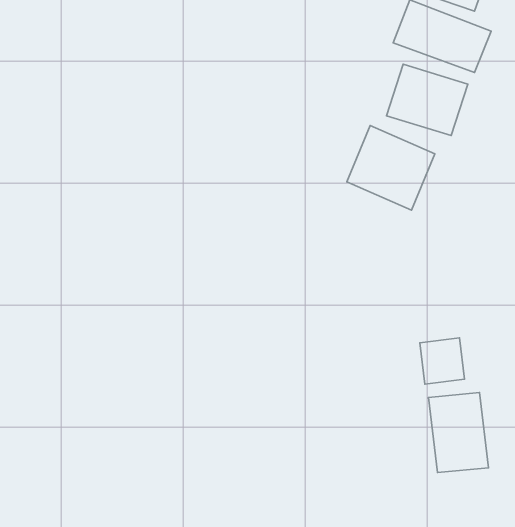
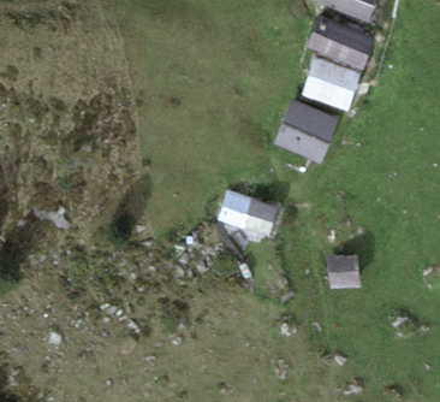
building: none -> [218,195,278,240]
building: [428,393,489,473] -> none

